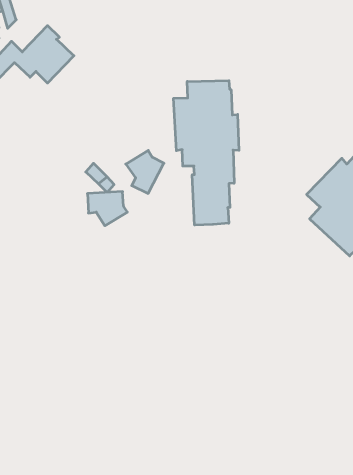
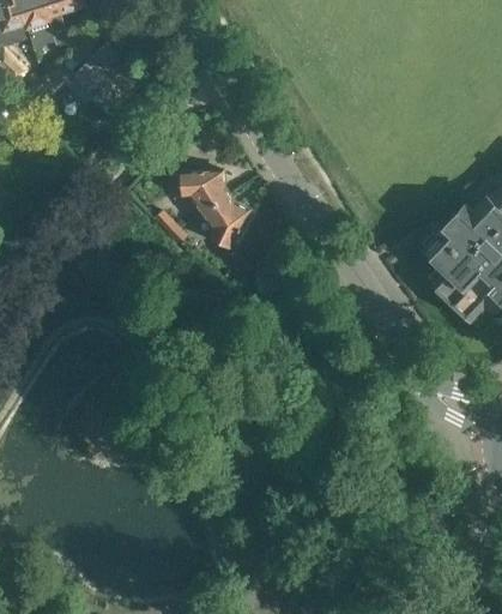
building: [174,81,239,225] -> none
building: [87,192,127,226] -> [179,169,228,211]

